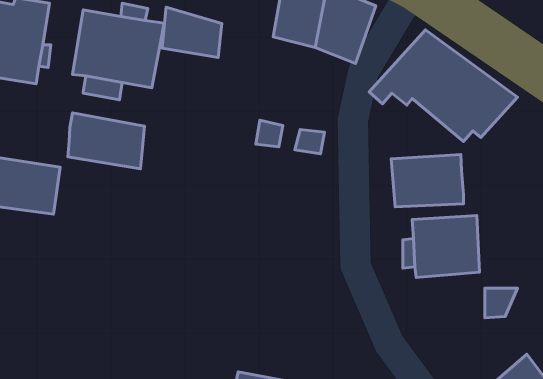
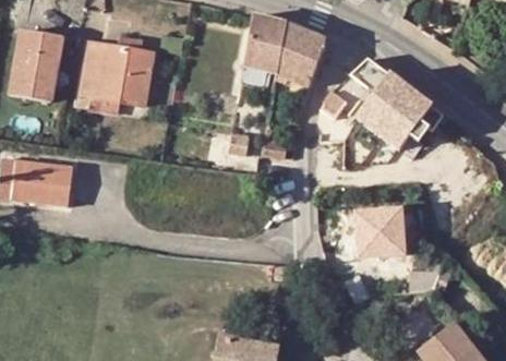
building: [162,7,222,57] -> none
building: [68,113,144,169] -> none
building: [391,154,464,207] -> none

